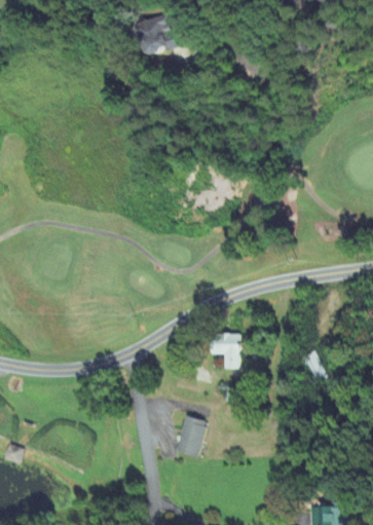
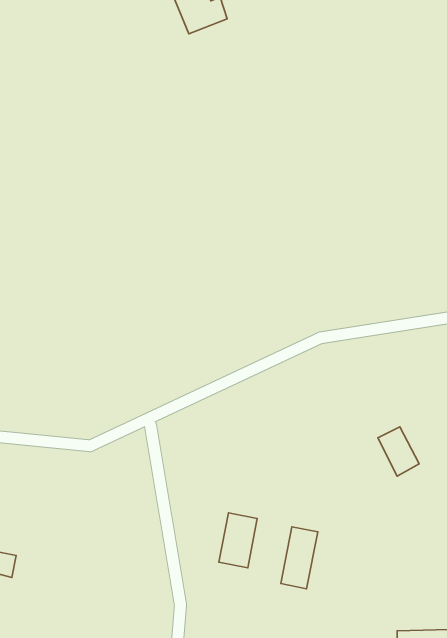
building: [215,335,243,369] -> none
building: none -> [281,527,318,589]

